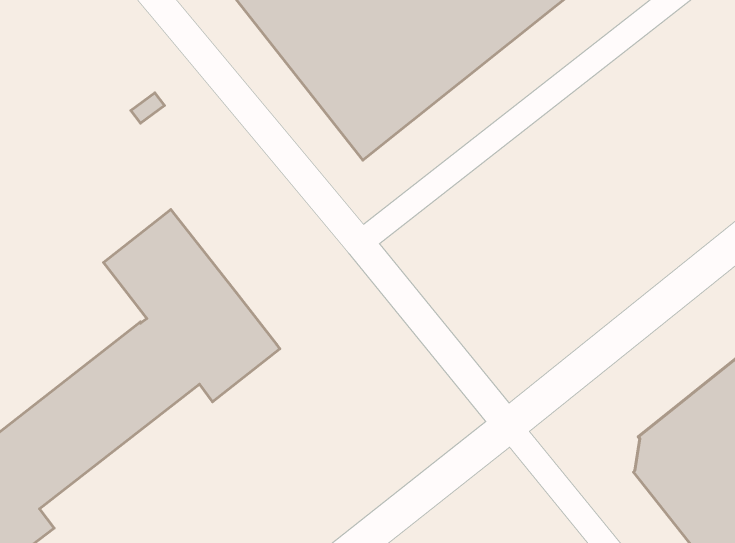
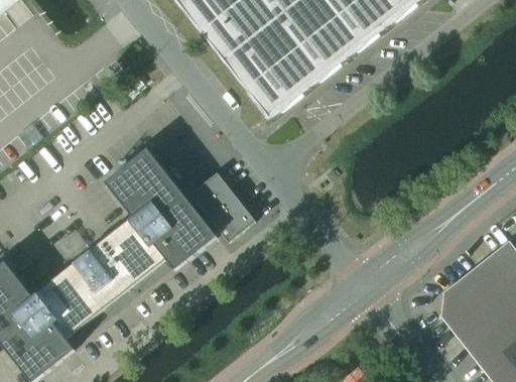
building: none -> [190,171,255,241]

